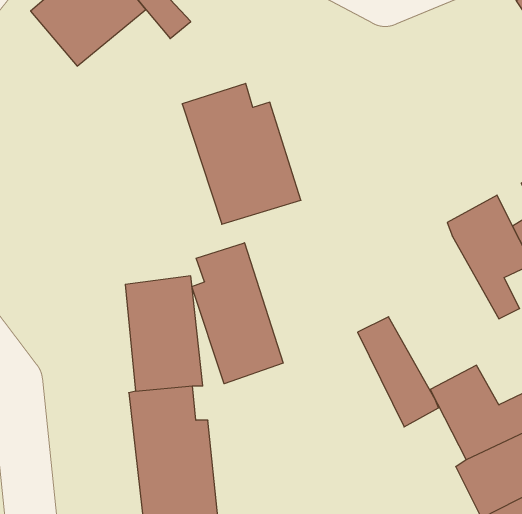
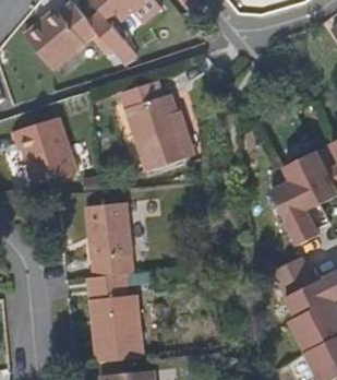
building: none -> [11,116,75,185]
building: [192,243,283,384] -> none
building: [358,317,439,427] -> [270,177,322,247]

